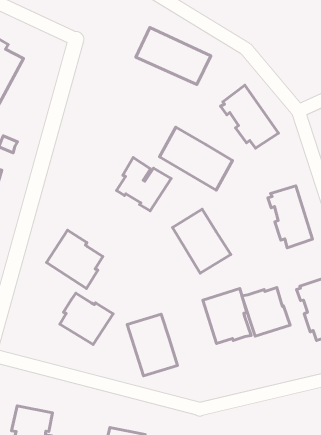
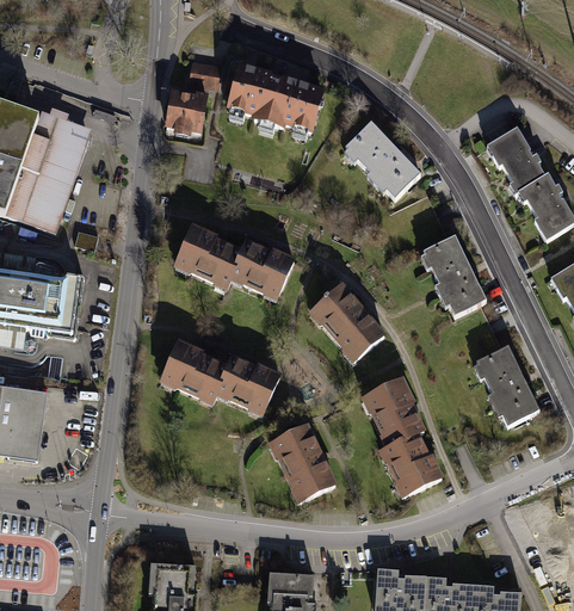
building: none -> [189,61,222,88]
building: none -> [167,92,210,140]
building: [160,127,233,190] -> none
building: none -> [173,218,240,286]
building: [242,288,290,336] -> [377,434,443,499]
building: [60,293,113,345] -> [217,352,282,413]

